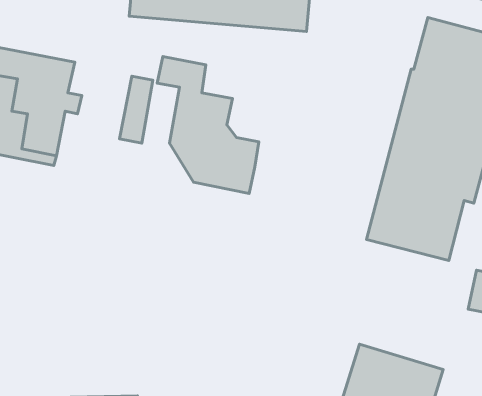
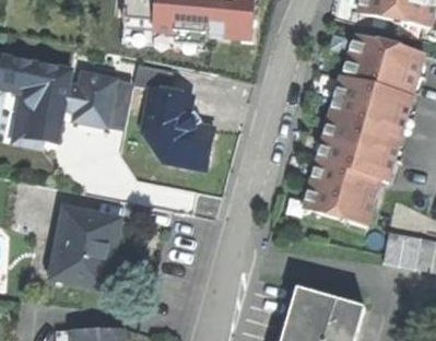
building: none -> [74,72,119,128]
building: none -> [51,209,119,289]

